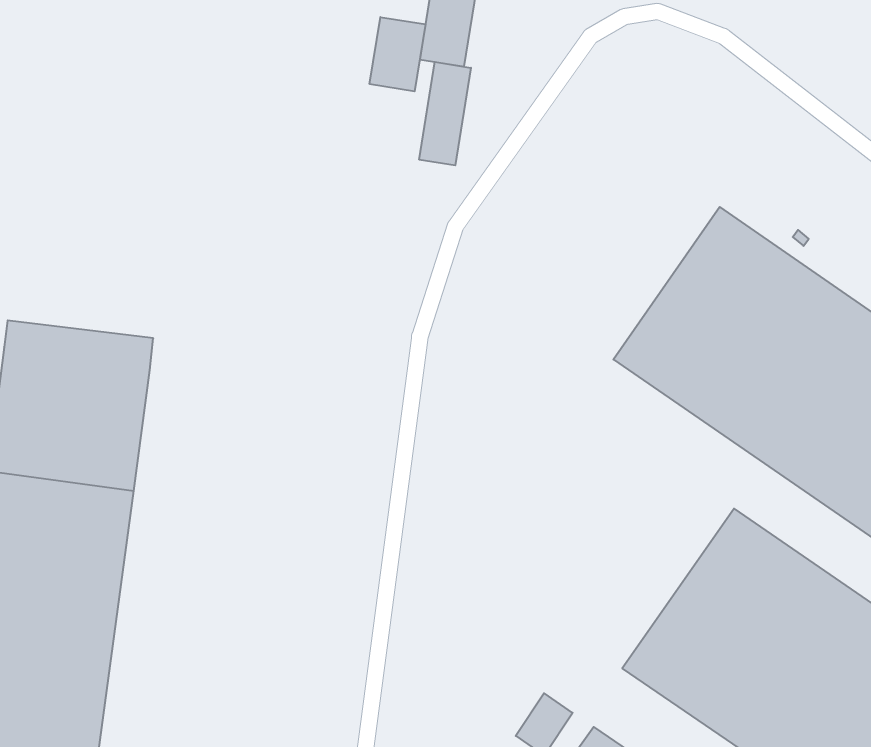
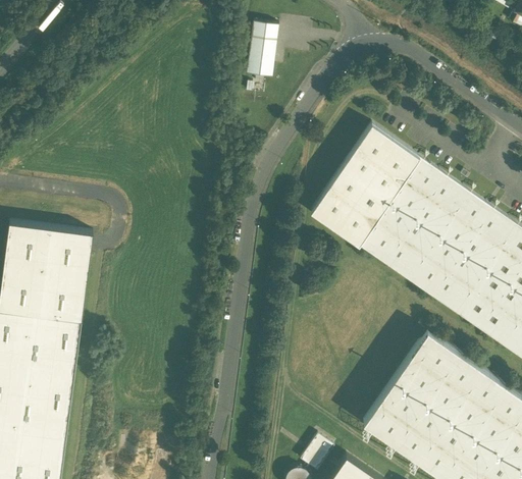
building: [370,17,425,91] -> none
building: [419,62,471,165] -> none
building: none -> [310,125,418,246]

